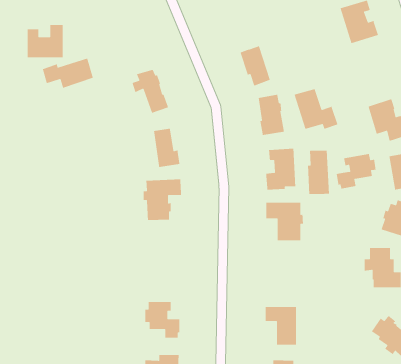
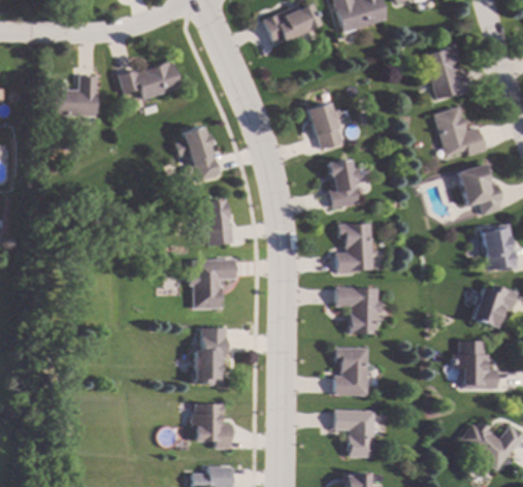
building: [42,57,94,89] -> [119,61,181,98]
building: [293,88,339,130] -> [433,106,487,156]
building: [307,150,330,195] -> none
building: [336,153,377,189] -> none
building: none -> [194,327,228,382]
building: none -> [334,346,368,395]

